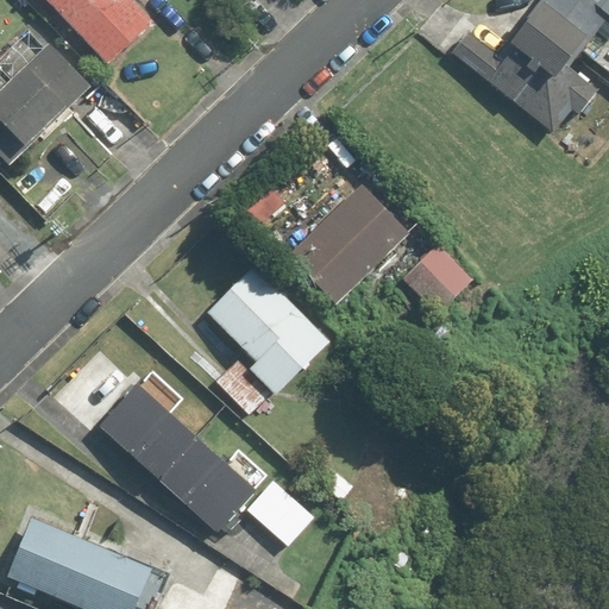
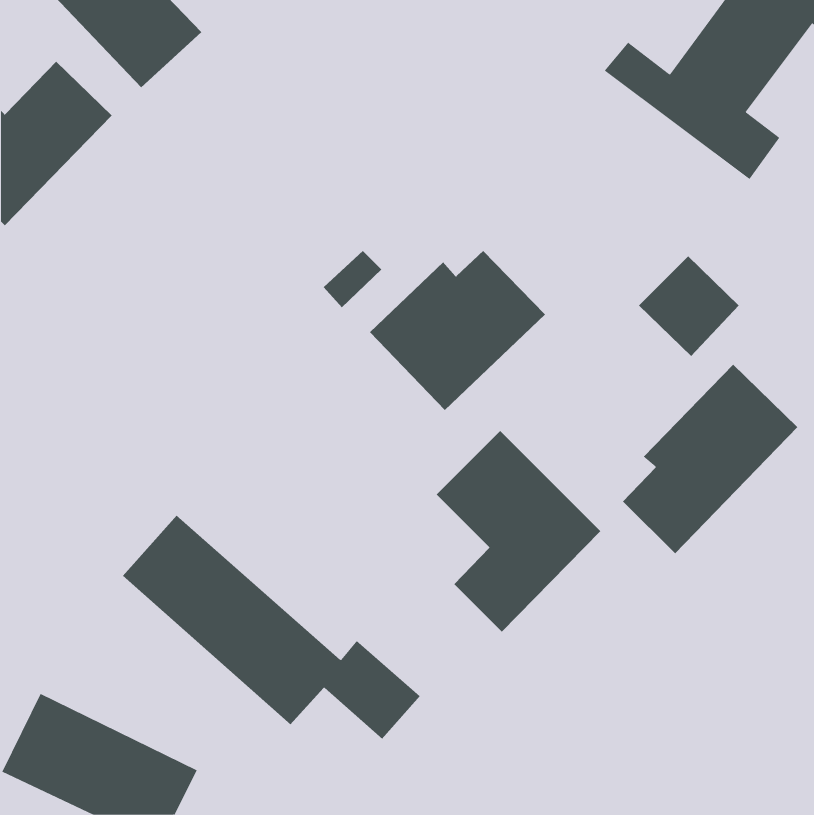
building: [401,240,476,315] -> [638,256,739,357]
building: [206,265,328,415] -> [436,430,601,632]
building: none -> [622,364,798,554]

